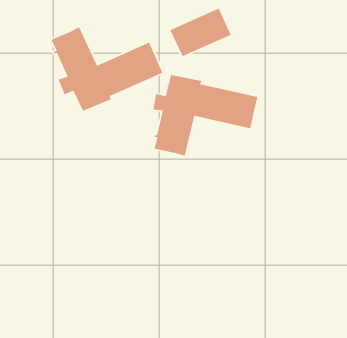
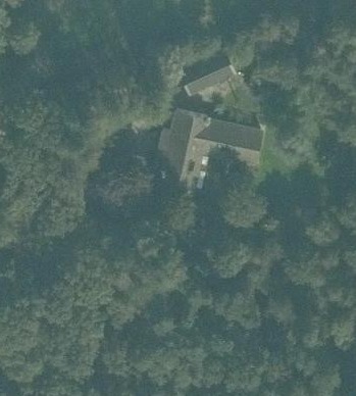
building: [50,26,164,112] -> none

